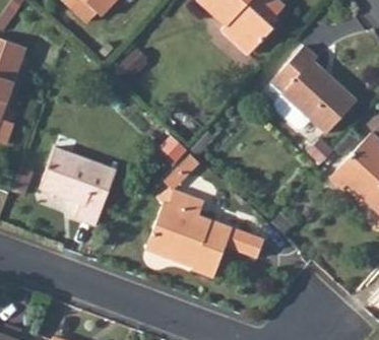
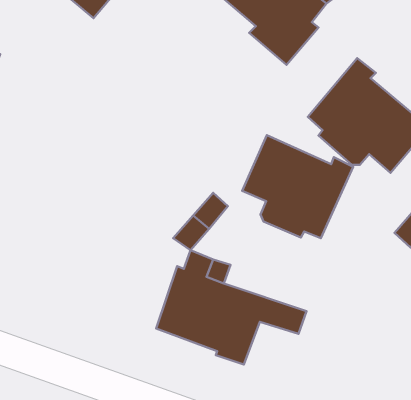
building: none -> [242,135,353,238]
building: [43,147,120,225] -> none

